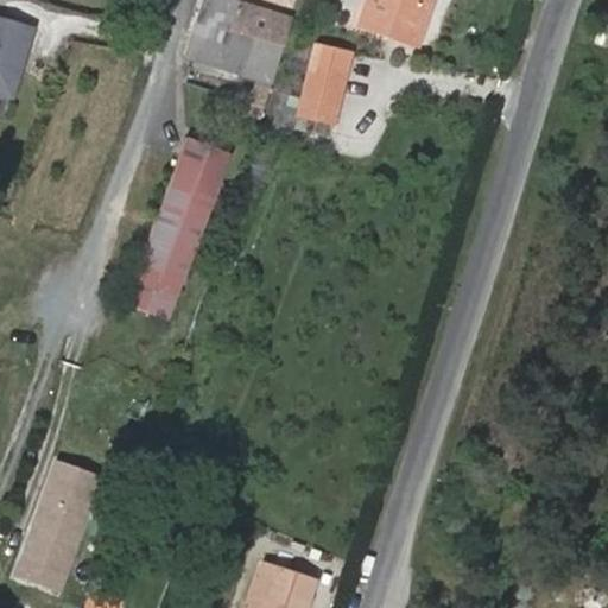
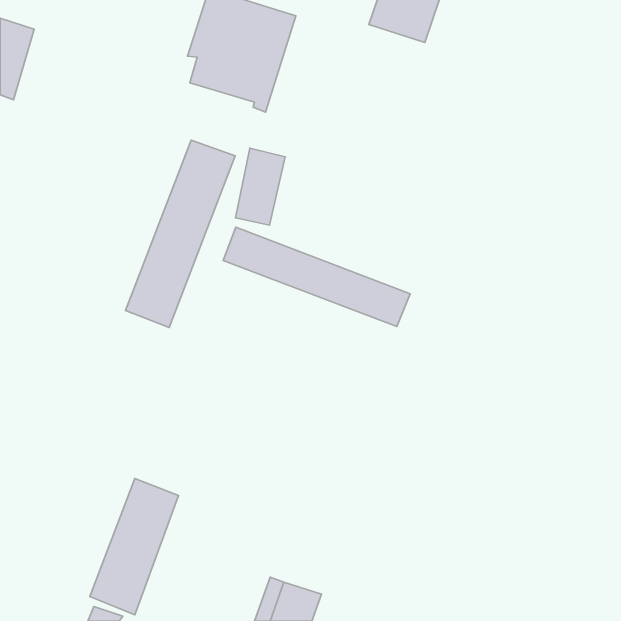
building: [302,45,350,120] -> [235,148,285,225]
building: none -> [223,227,410,327]
building: [15,461,102,594] -> [90,478,179,615]

